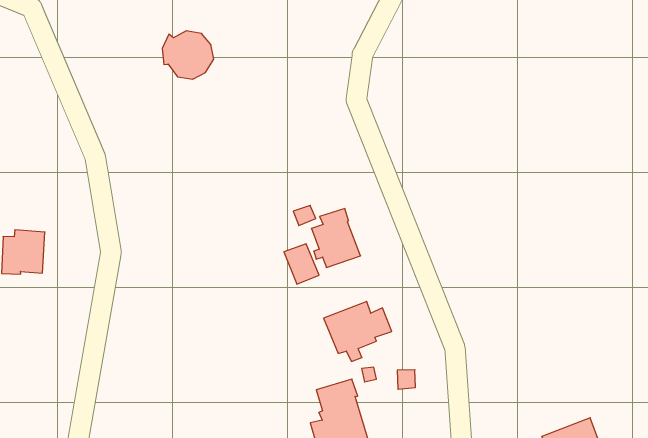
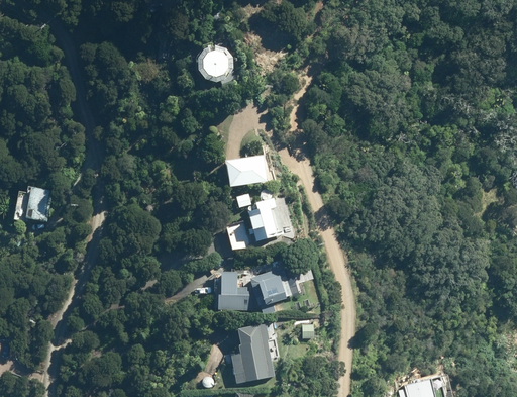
building: [162,31,214,79] -> [196,45,233,82]
building: none -> [226,156,267,186]
building: none -> [214,272,252,309]

